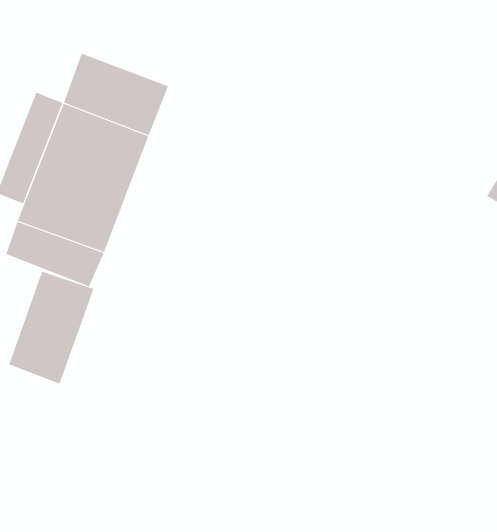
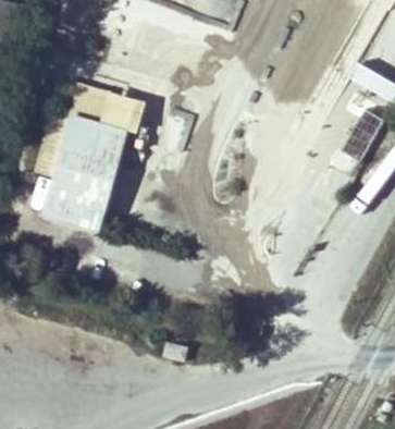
building: [8,271,94,384] -> none

